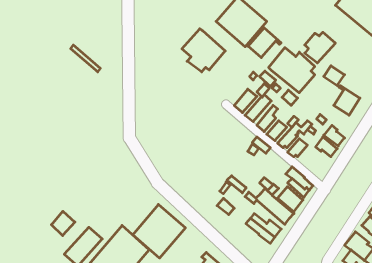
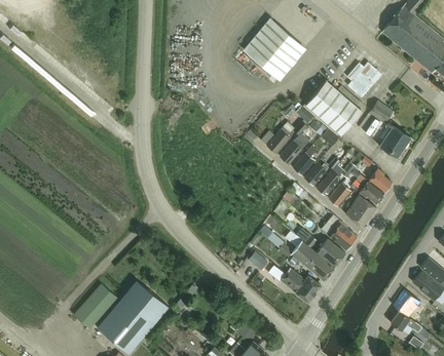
building: [248,28,281,58] -> none
building: [182,29,225,72] -> none
building: none -> [345,195,377,228]
building: [133,204,185,258] -> none
building: [51,211,75,236] -> none

